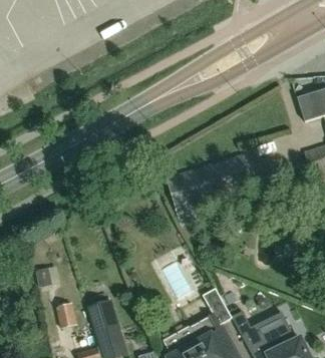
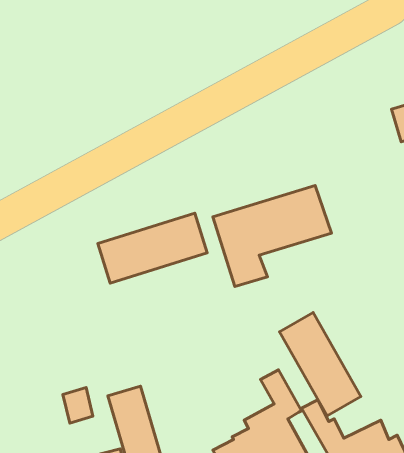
building: none -> [98,213,207,283]
building: none -> [279,313,361,416]

